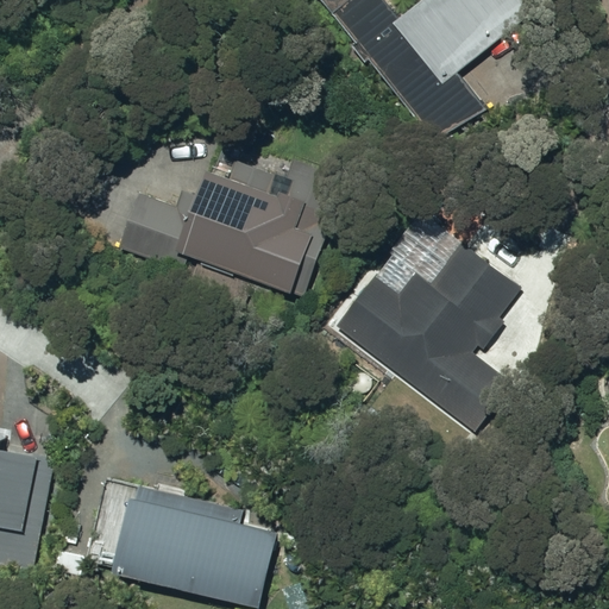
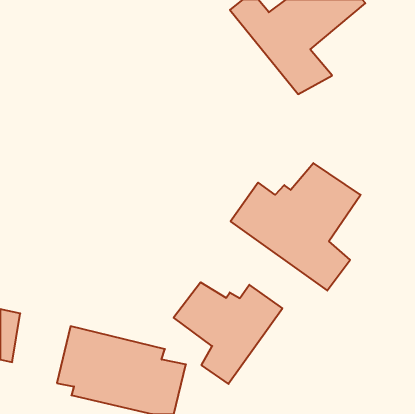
building: [117,159,344,299] -> none
building: none -> [174,282,282,384]

